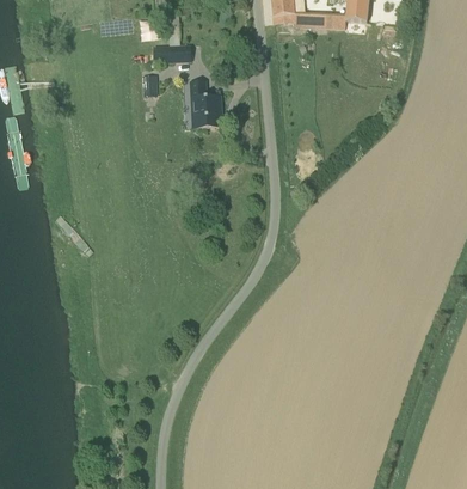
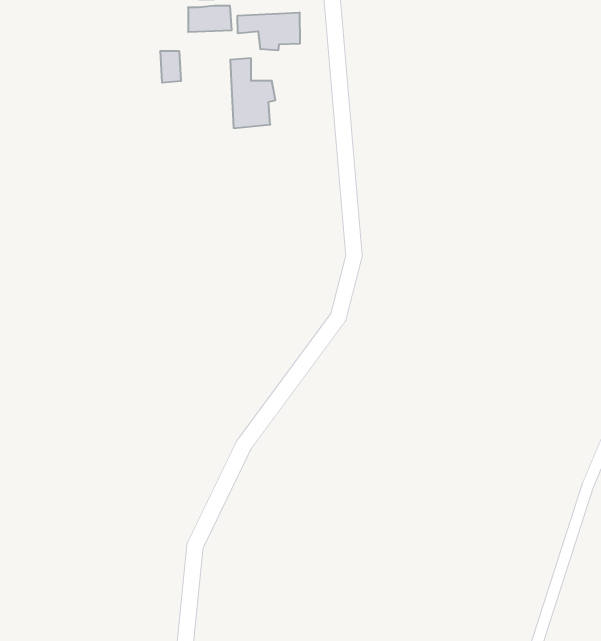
building: none -> [238,12,300,50]

